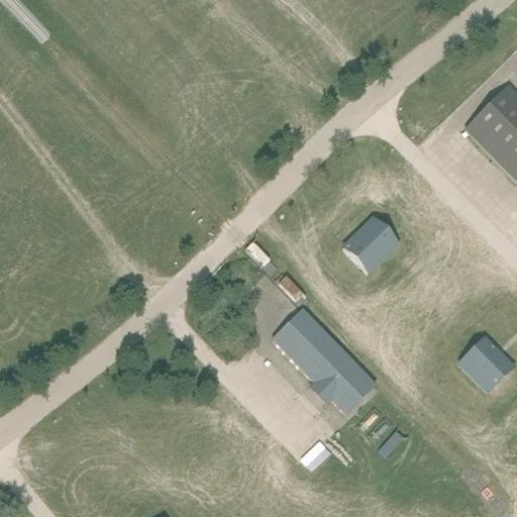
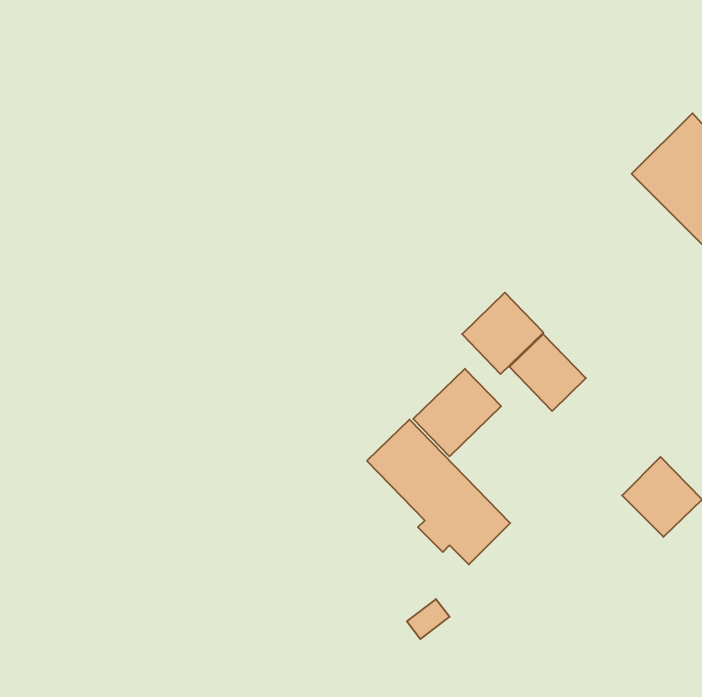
building: none -> [509,334,586,411]
building: none -> [413,369,501,456]

